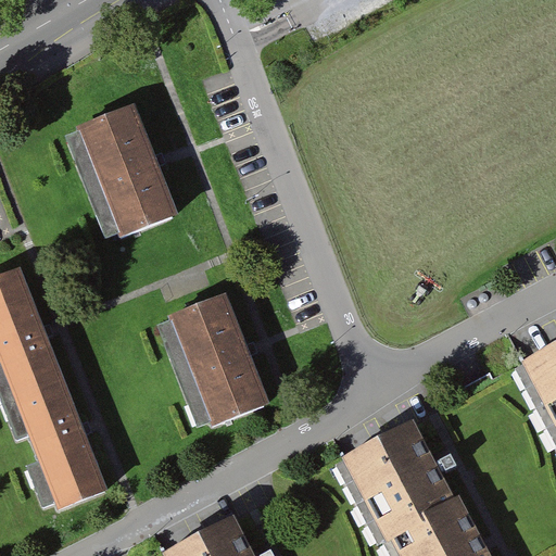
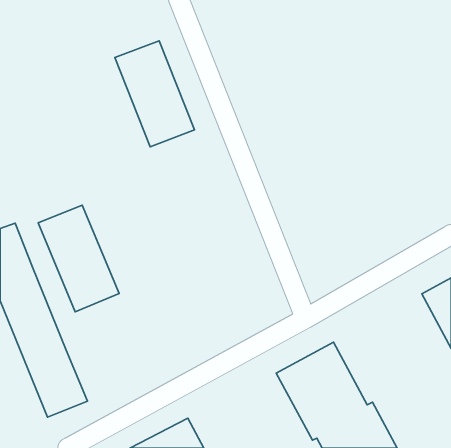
building: [79,108,177,238] -> [115,41,194,147]
building: [169,294,269,426] -> [38,205,119,312]

